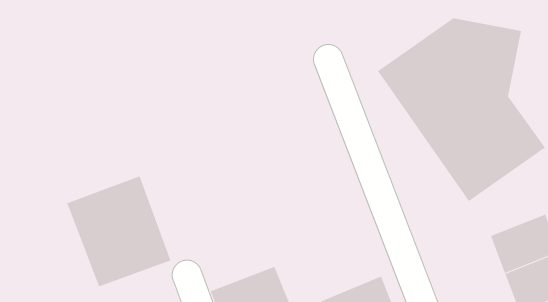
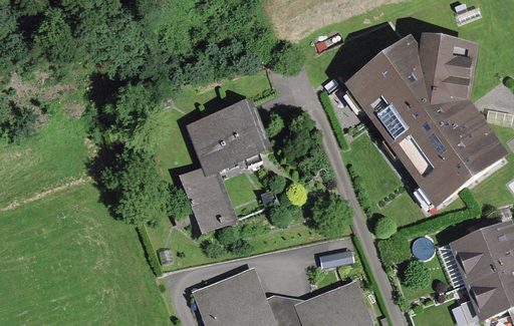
building: none -> [182,103,265,235]
building: [66,176,171,287] -> none

